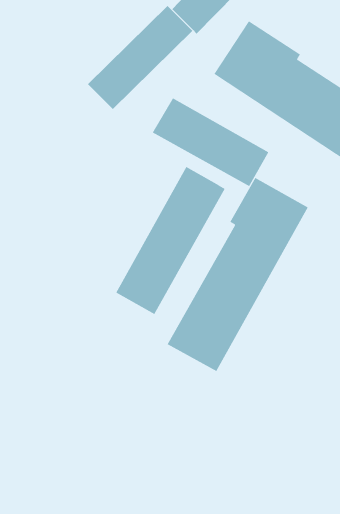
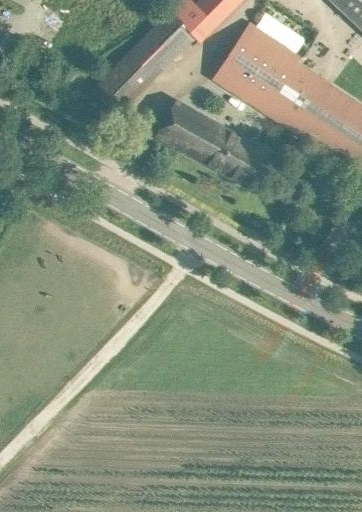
building: [115,166,225,315] -> none
building: [167,177,308,372] -> none

